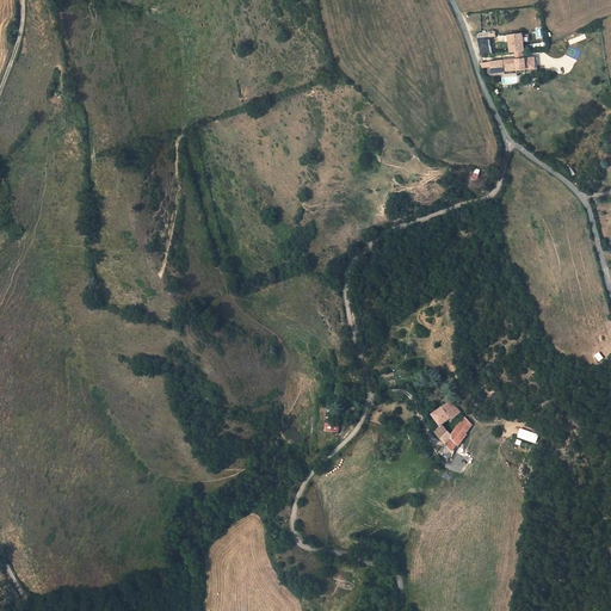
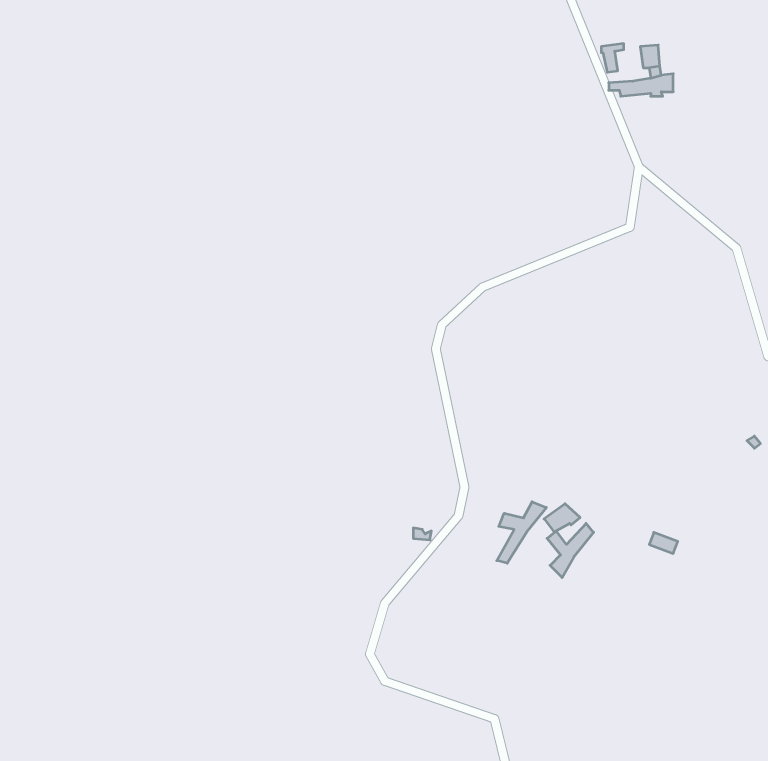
building: none -> [497,502,546,563]

